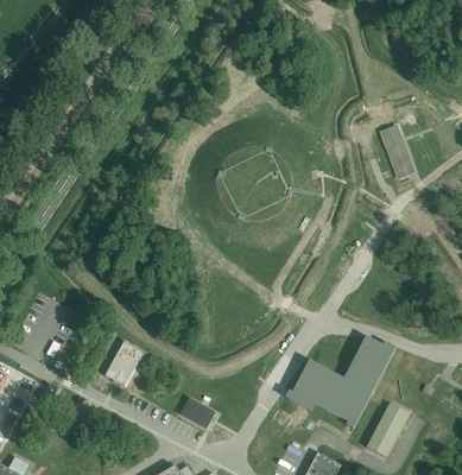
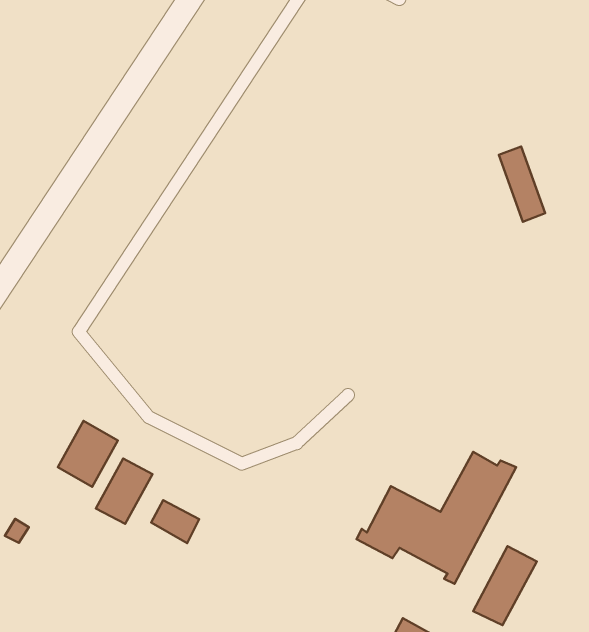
building: none -> [58,421,118,487]
building: [179,398,213,428] -> [151,500,199,543]

